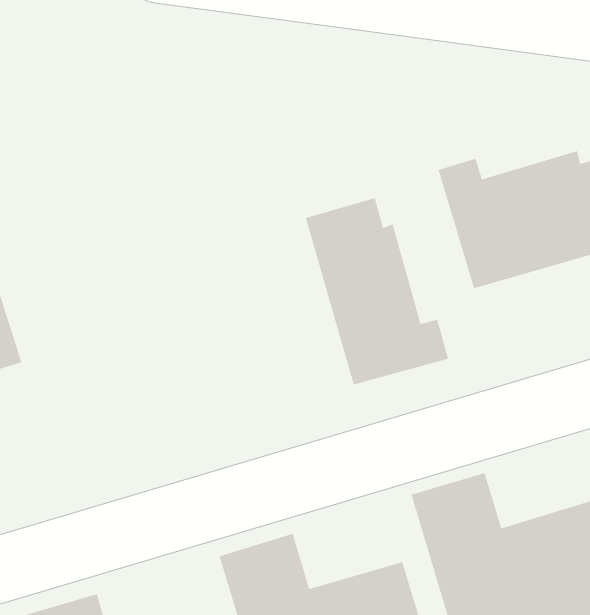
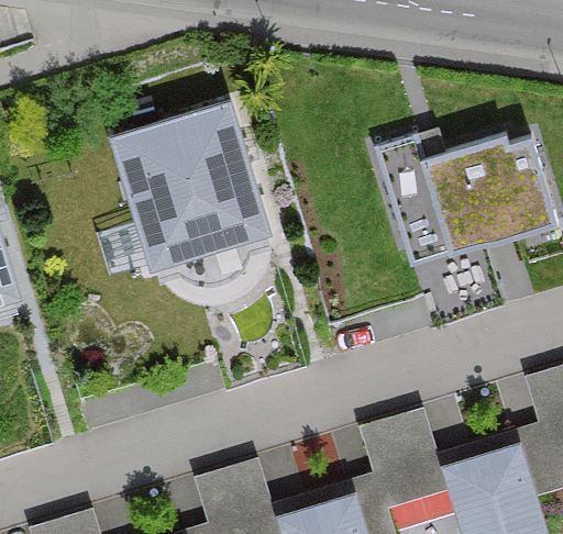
building: none -> [114,110,275,272]
building: [305,197,449,385] -> none

